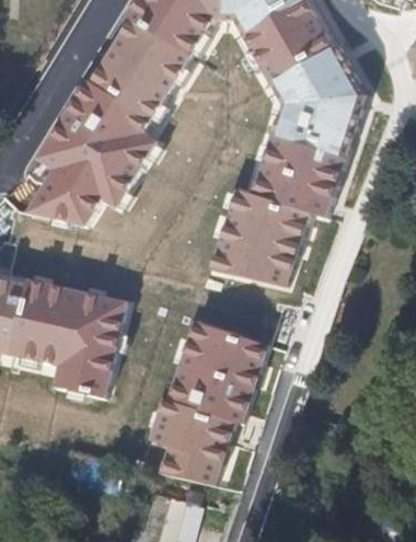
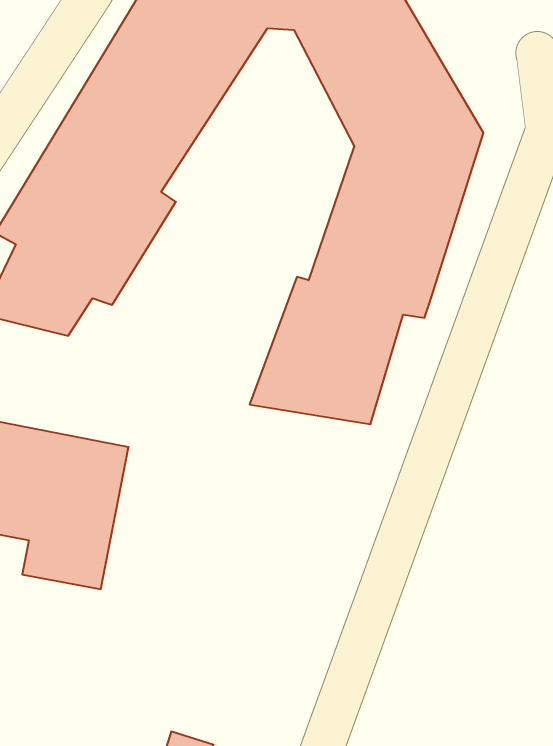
building: [147,320,269,493] -> none

